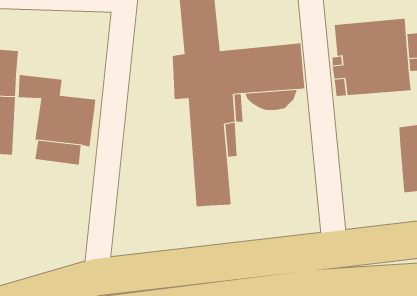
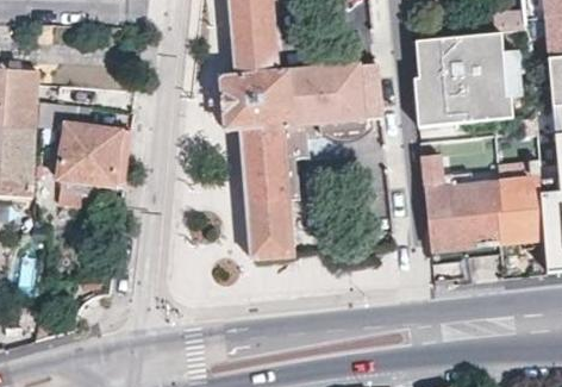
building: none -> [420,142,499,251]

